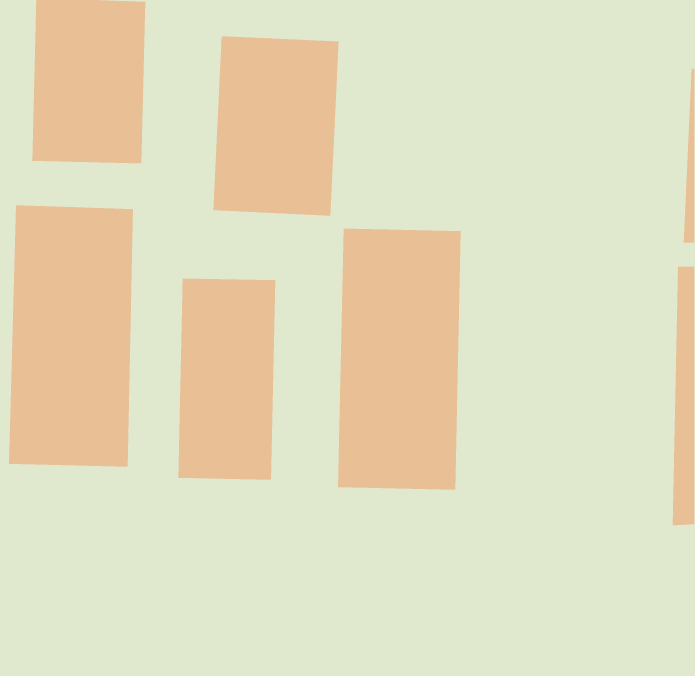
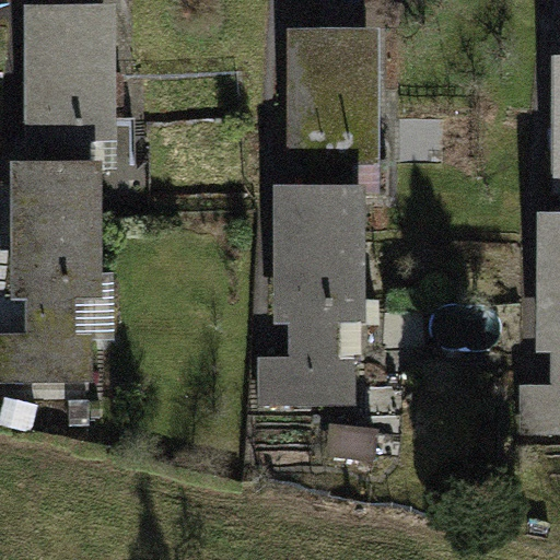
building: [213,36,339,216] -> [279,20,381,164]
building: [178,278,276,480] -> none

